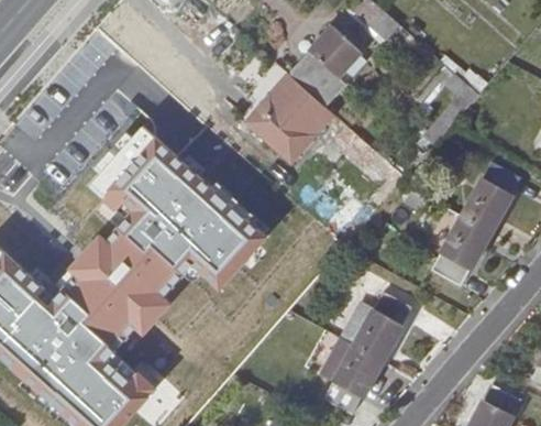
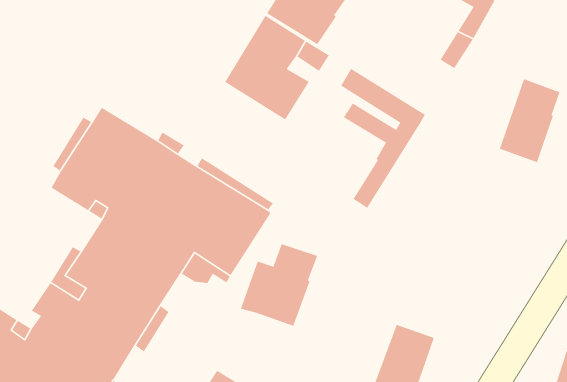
building: [432,216,490,286] -> none
building: [341,291,412,361] -> [240,243,318,327]

